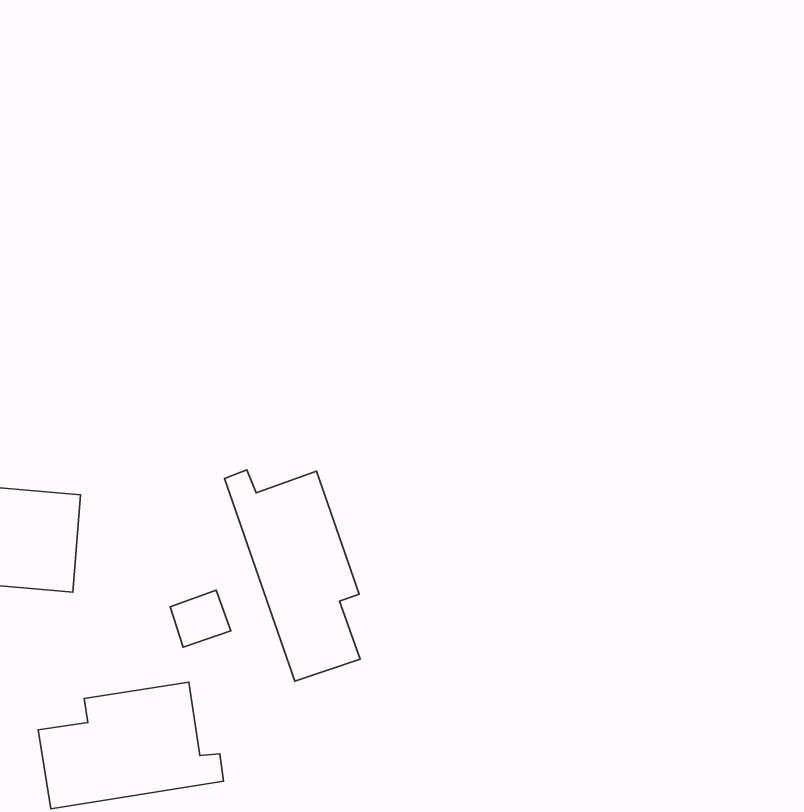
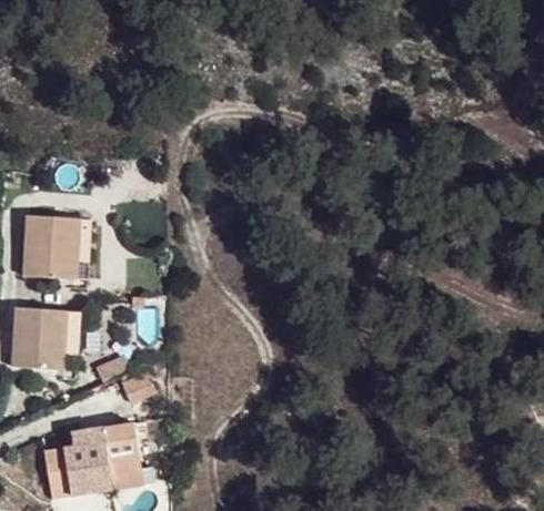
building: none -> [23,213,81,277]
building: [225,470,360,681] -> none

